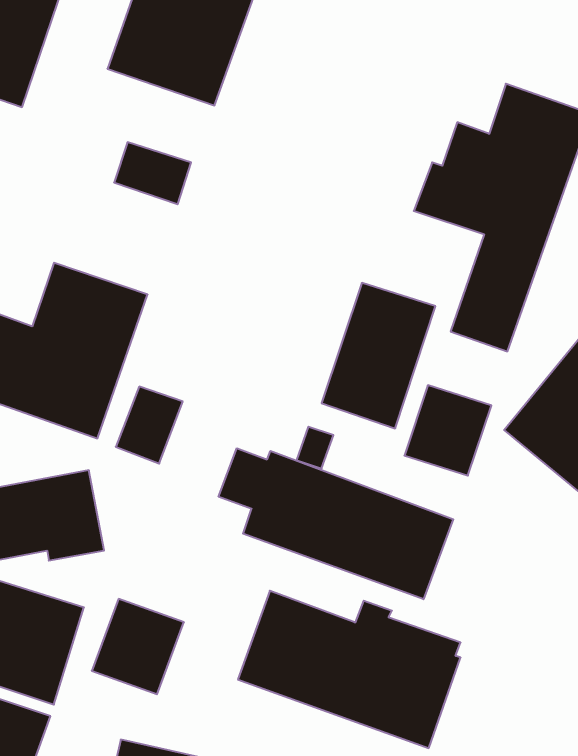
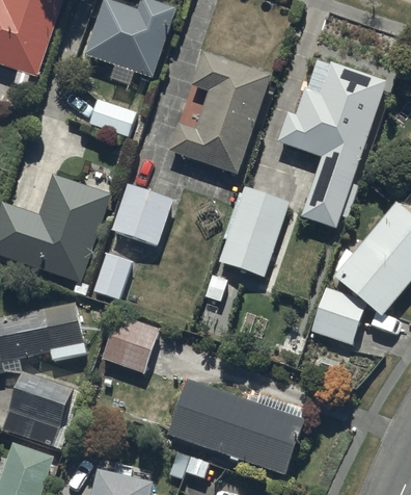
building: none -> [167,50,272,174]
building: none -> [111,183,173,246]
building: [404,385,491,476] -> [310,288,364,344]
building: [219,448,453,599] -> none
building: [92,599,184,694] -> [103,314,160,373]

